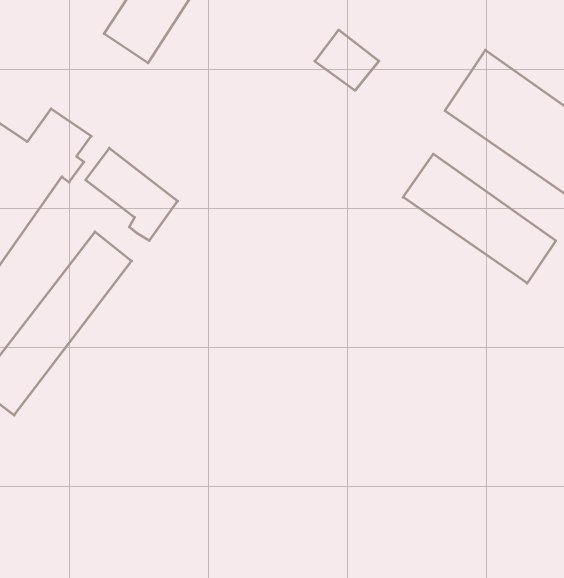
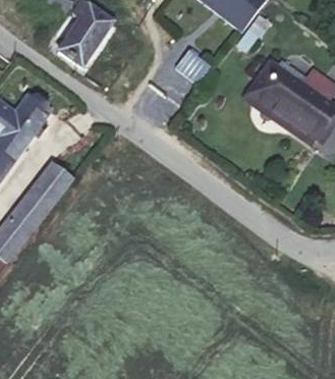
building: [86,148,178,241] -> none
building: [403,154,556,283] -> none

